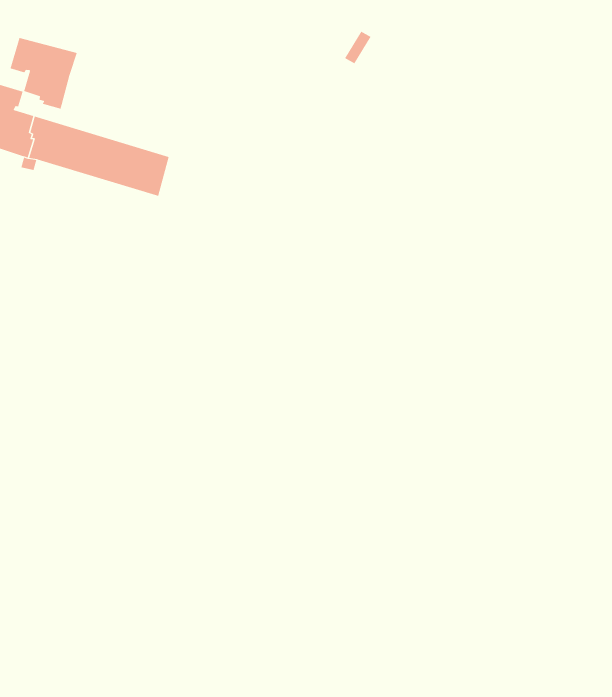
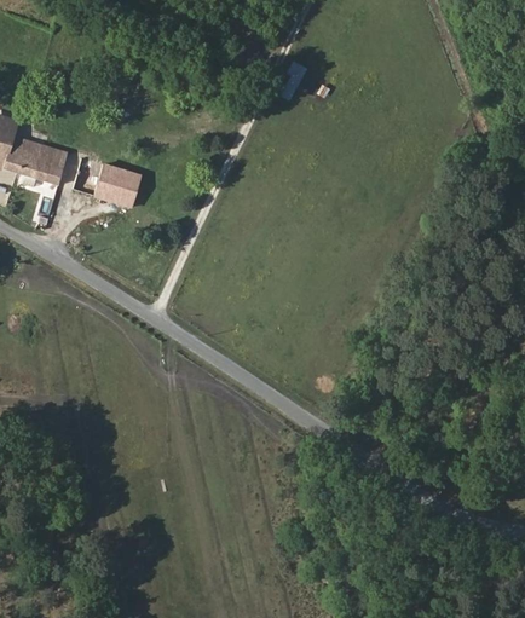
building: [10,37,78,110] -> none

